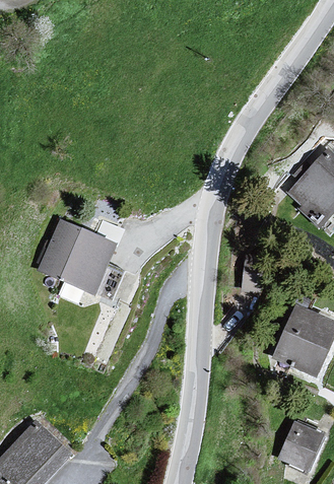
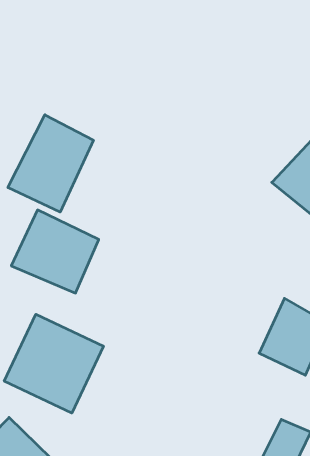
building: none -> [8,115,93,212]
building: none -> [4,314,103,413]

